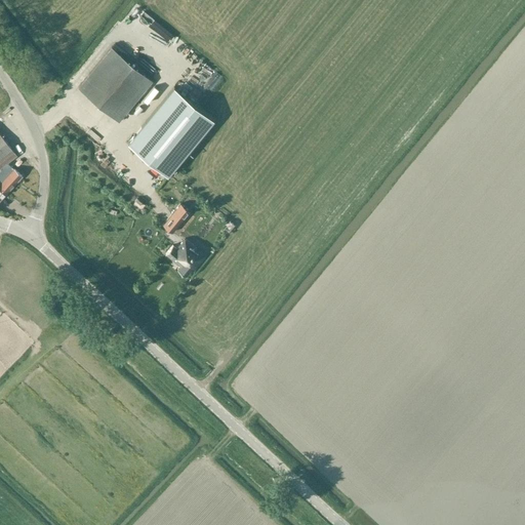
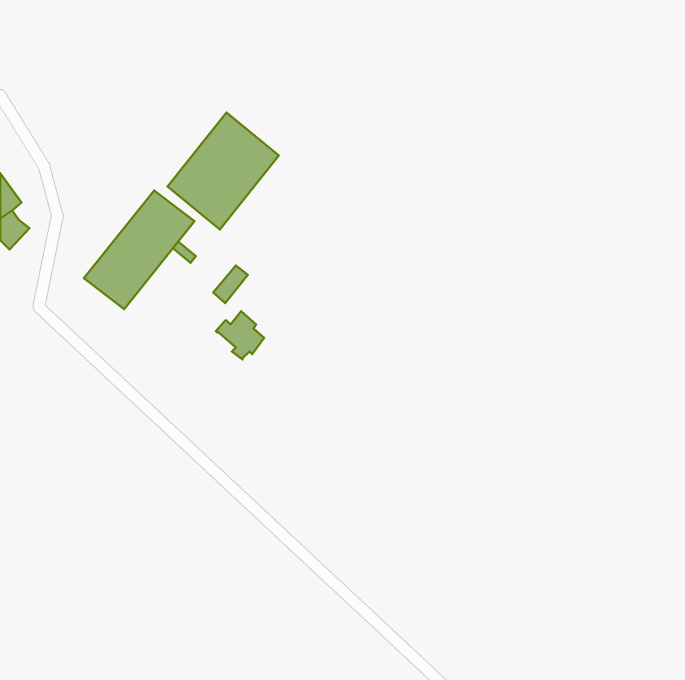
building: [79,49,153,124] -> none
building: none -> [84,190,194,309]

